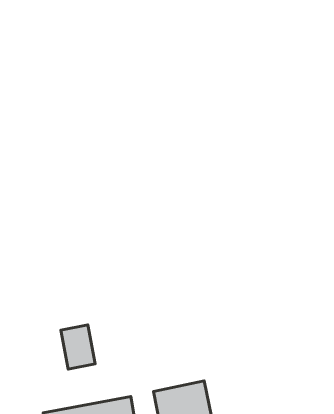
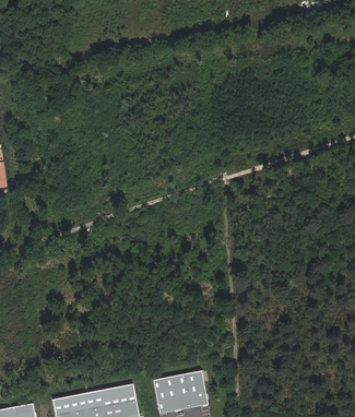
building: [61,325,95,369] -> none

